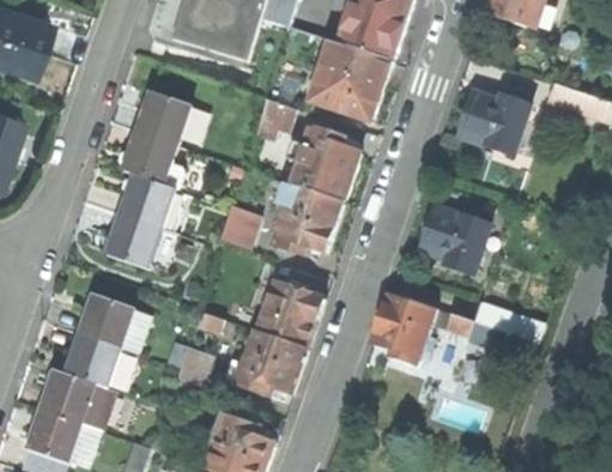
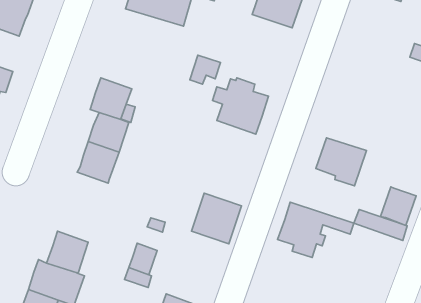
building: [309,41,389,120] -> none
building: [137,90,190,143] -> none
building: [459,95,527,152] -> none
building: [271,183,341,254] -> none
building: [218,205,259,249] -> none
building: none -> [381,187,416,225]
building: [79,292,150,351] -> none
building: [225,329,305,395] -> none

